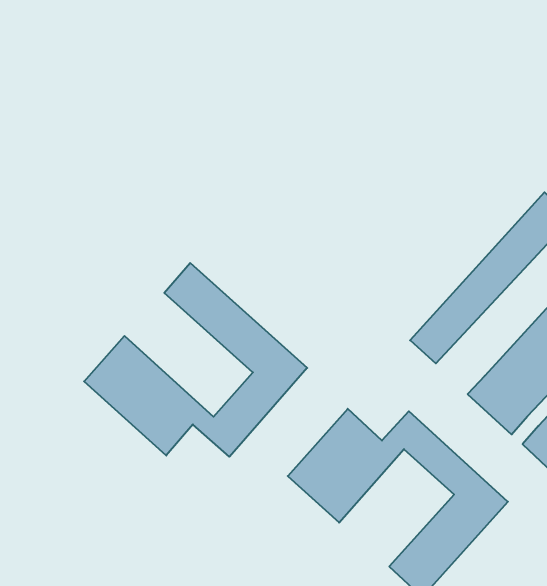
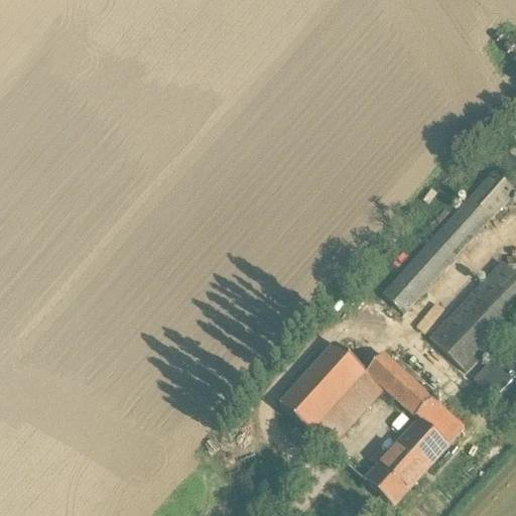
building: [84,263,307,457] -> none

